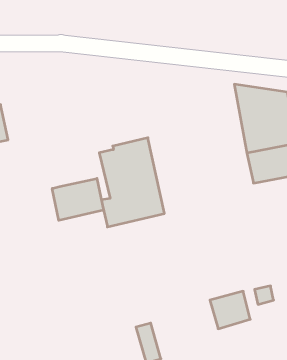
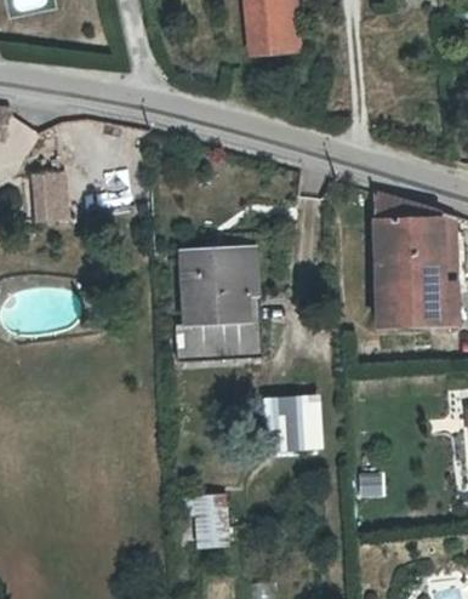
building: [52,178,103,220] -> none
building: [210,291,250,329] -> [263,403,313,447]

